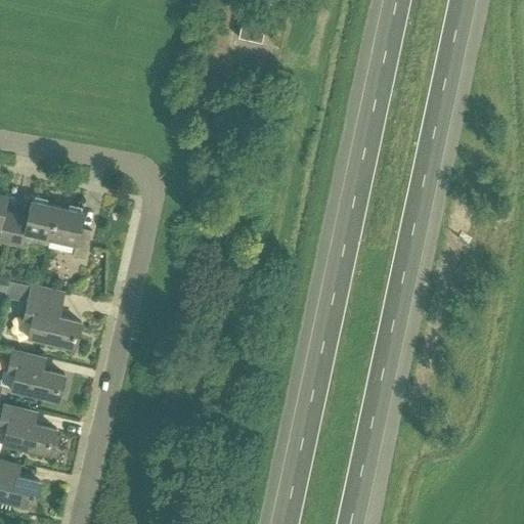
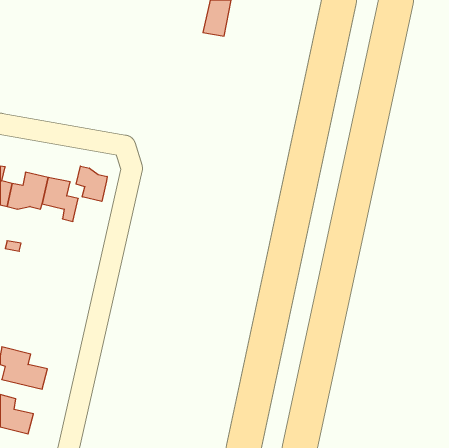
building: none -> [76,166,107,201]
building: [23,287,80,347] -> none
building: [6,351,64,400] -> none

